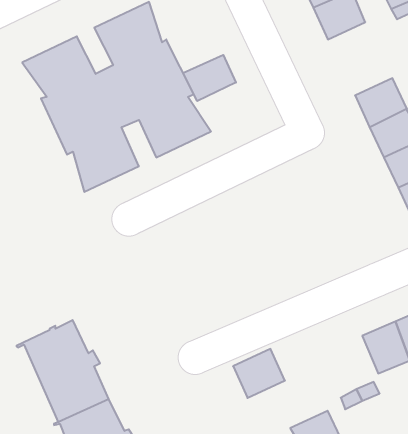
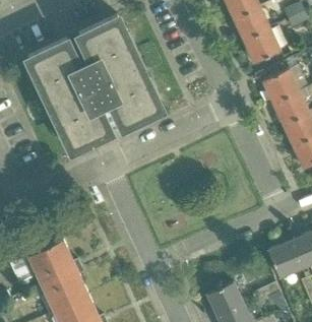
building: none -> [243,29,279,63]
building: [183,55,236,101] -> none
building: [233,349,285,398] -> [206,281,243,316]

